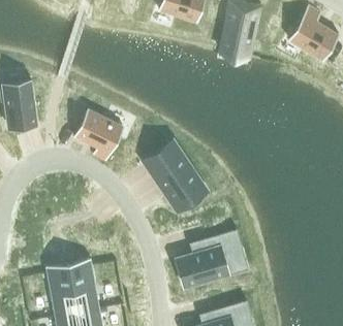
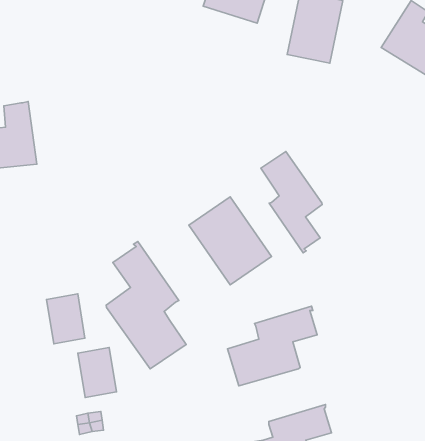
building: [73,108,124,161] -> none
building: none -> [261,151,322,253]
building: none -> [106,241,186,369]
building: [44,261,72,297] -> [47,294,85,344]

